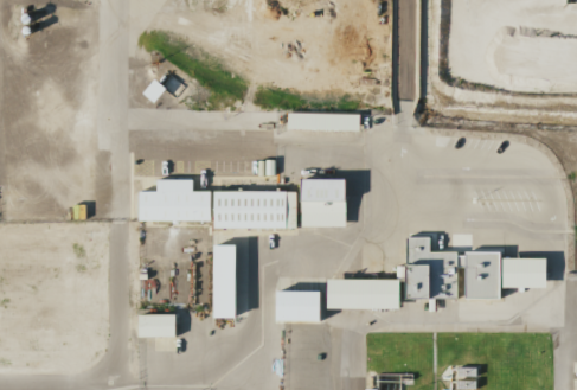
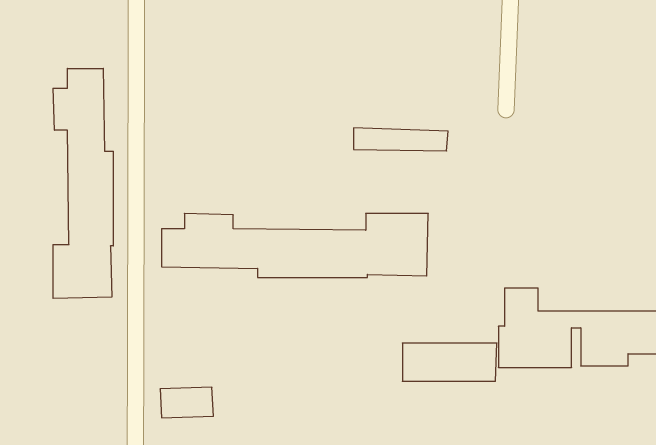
building: none -> [53,68,113,298]
building: [212,245,236,318] -> none
building: [275,292,319,322] -> none

